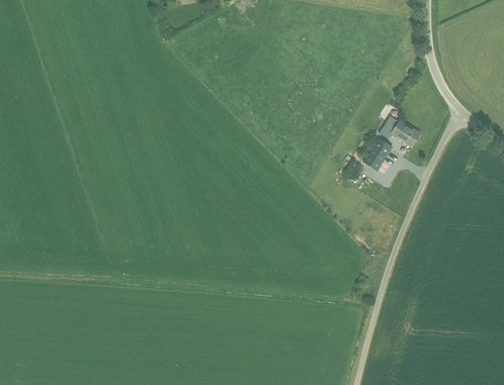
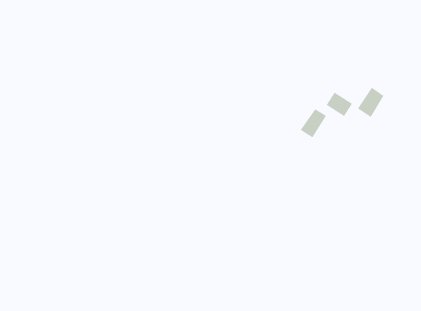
building: none -> [357,87,384,118]

